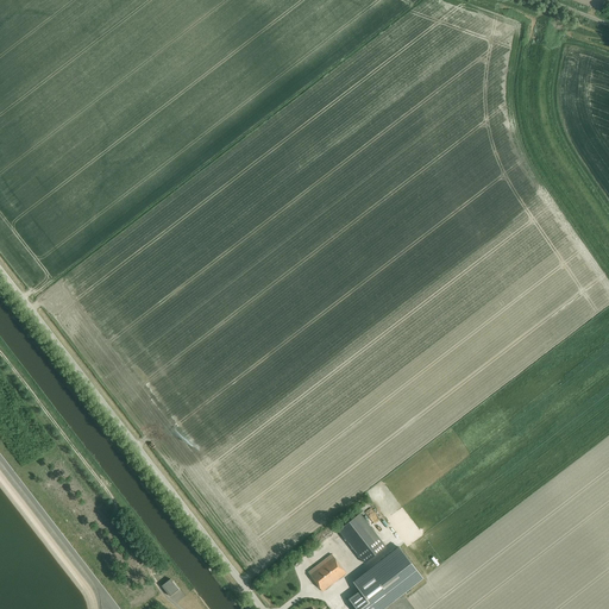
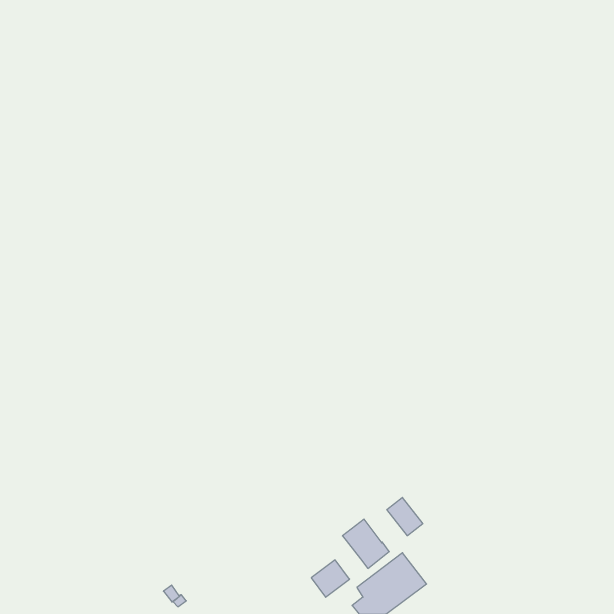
building: none -> [387,497,423,536]

